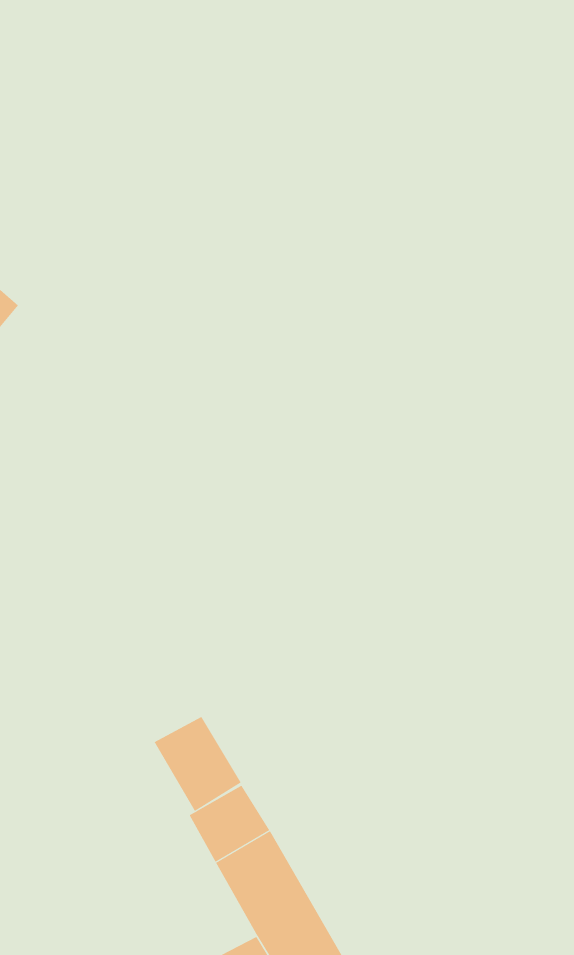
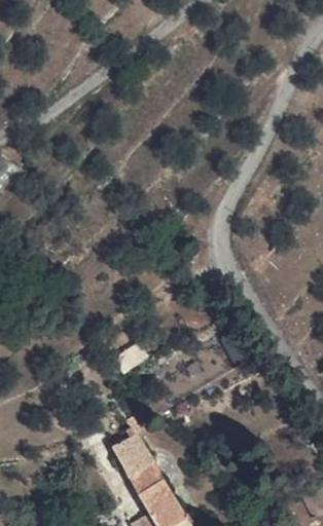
building: [154,716,242,812] -> none

